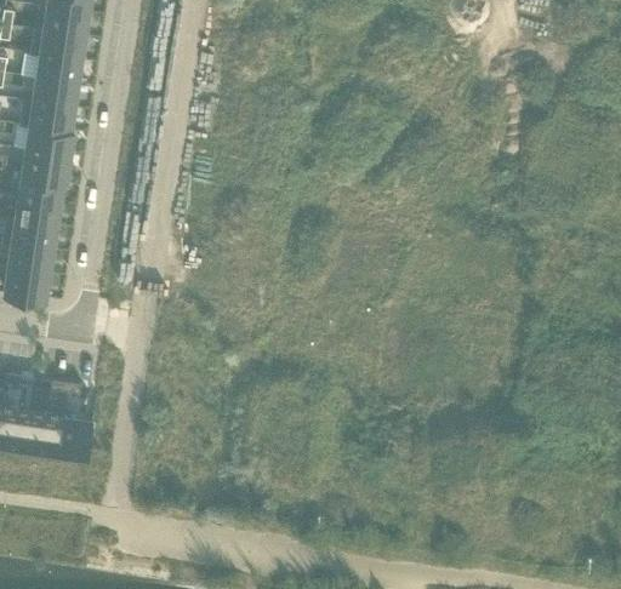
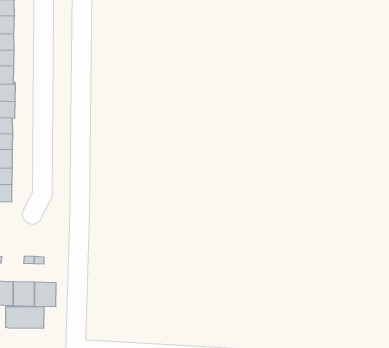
building: none -> [6,306,44,328]

